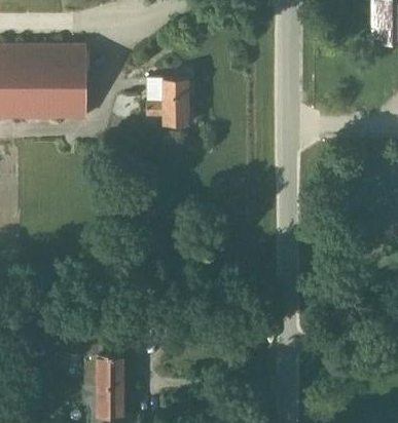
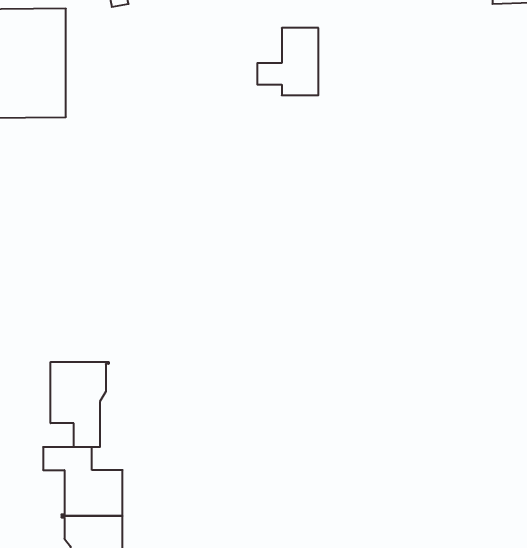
building: [147,78,188,123] -> [257,28,318,95]
building: none -> [51,362,109,447]

